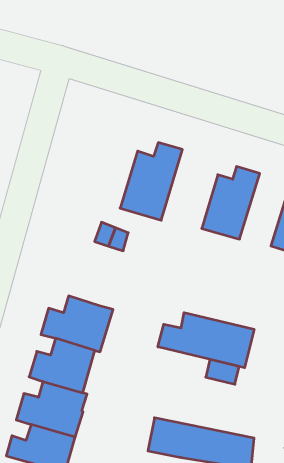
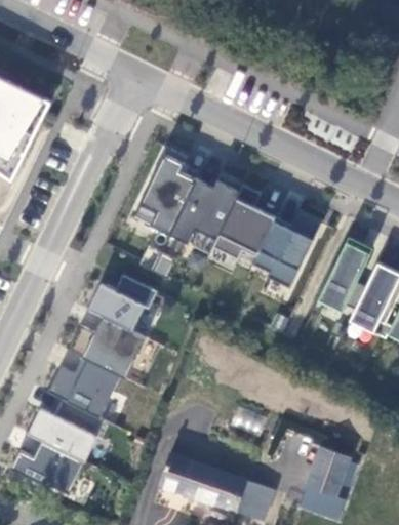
building: none -> [134,147,199,234]
building: none -> [214,185,277,259]
building: none -> [89,274,158,330]
building: [158,313,254,368] -> none

